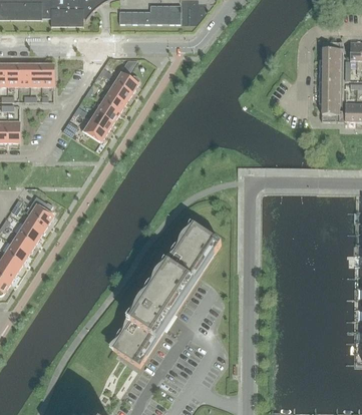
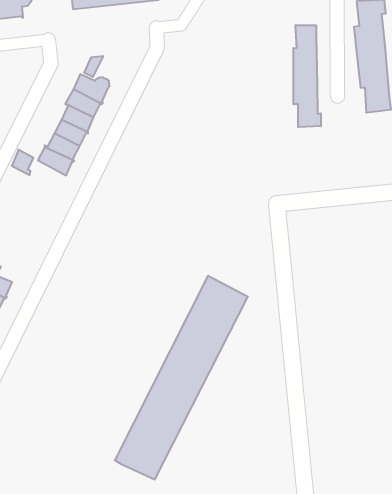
building: none -> [293,25,321,127]

